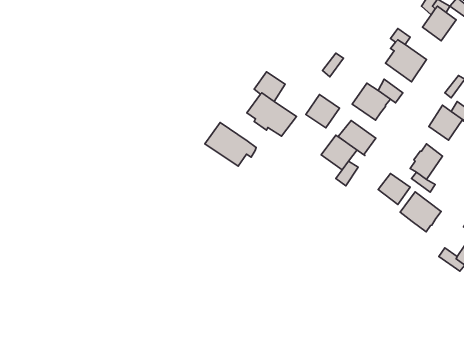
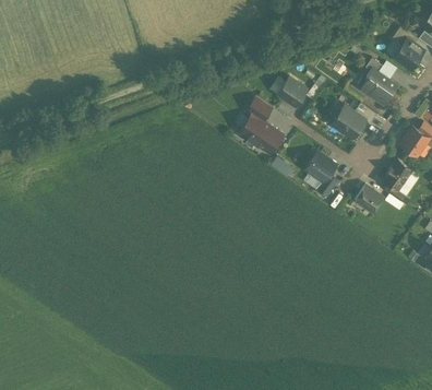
building: [306,95,339,128] -> [277,78,307,107]
building: [338,121,376,155] -> none
building: [205,123,256,166] -> none
building: [400,192,441,232] -> none

